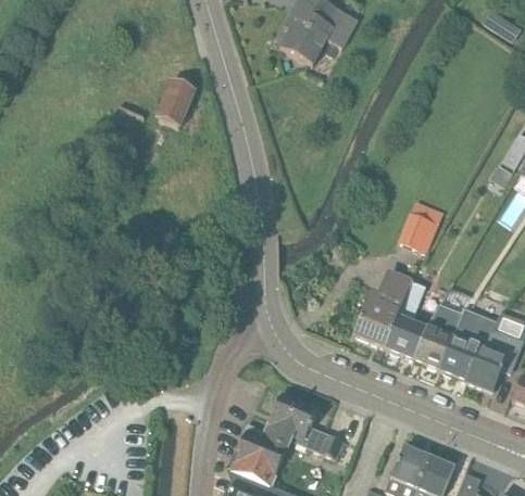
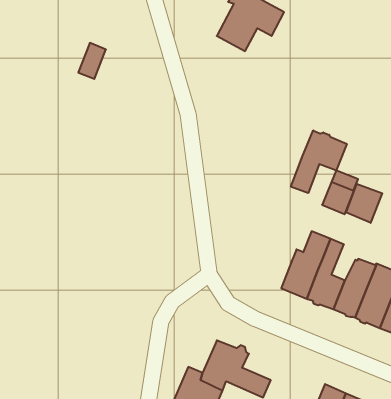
building: [161,82,192,124] -> [78,43,106,79]
building: none -> [291,130,347,193]
building: none -> [346,184,382,223]

